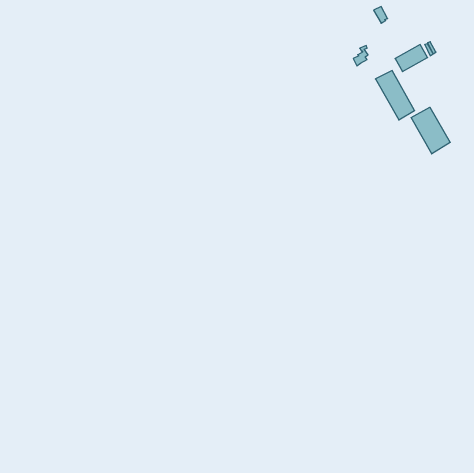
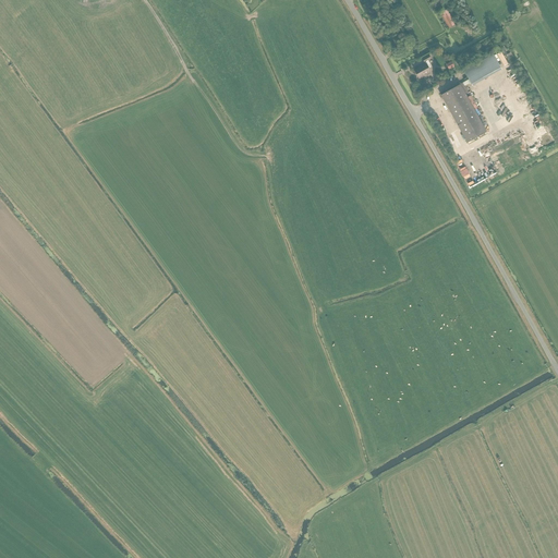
building: [411,107,450,154] -> none

